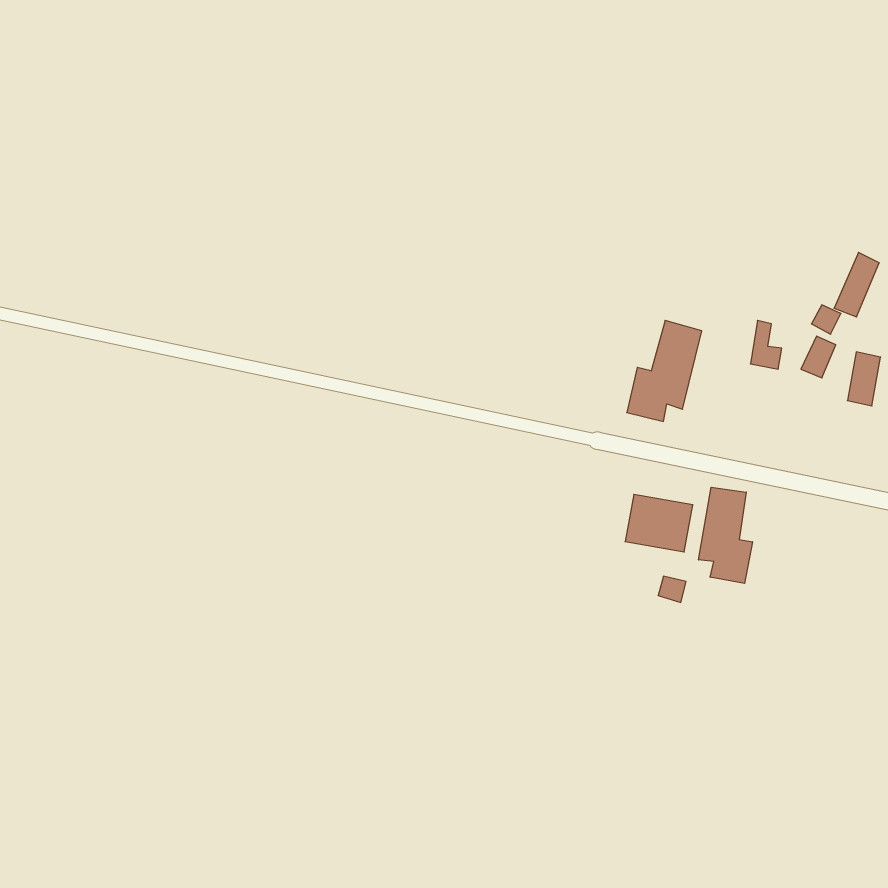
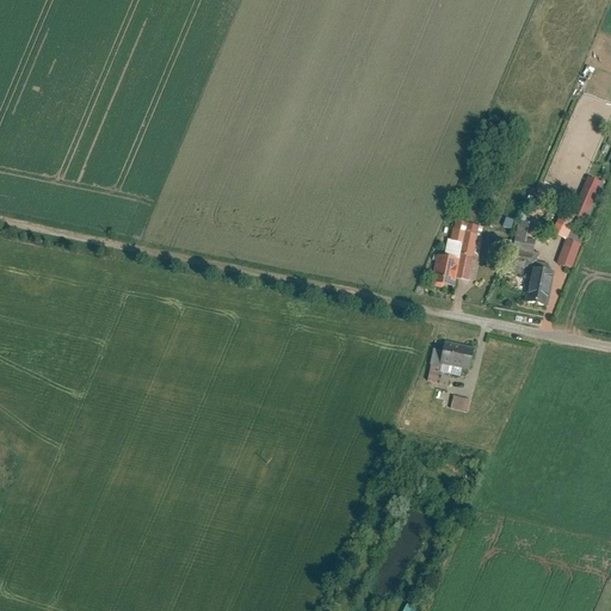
building: [847,352,881,406] -> [529,267,551,304]
building: [699,487,752,583] -> none

